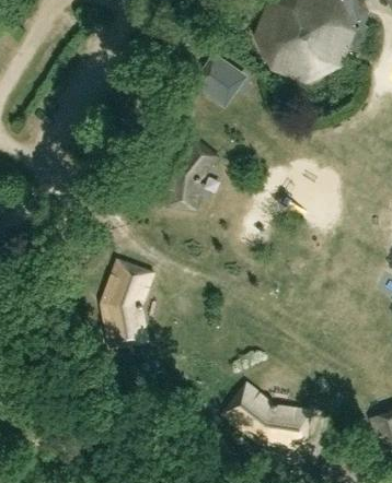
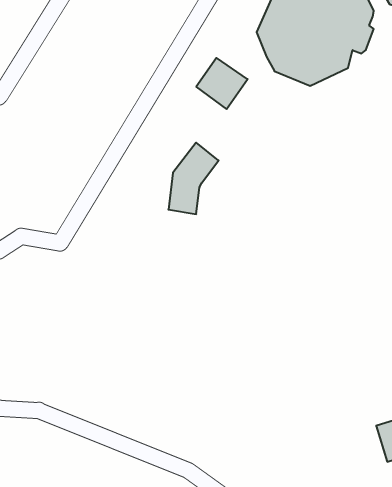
building: [101,261,152,350] -> none
building: [221,385,309,449] -> none

